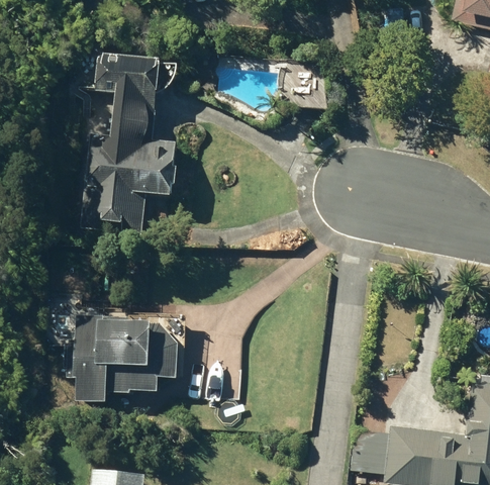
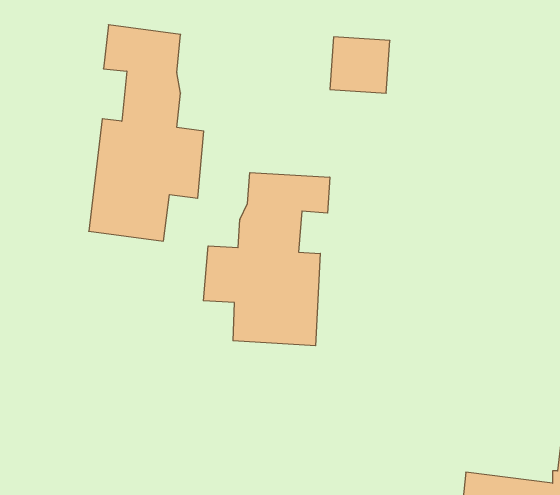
building: none -> [203,173,330,346]
building: [67,313,175,402] -> none

